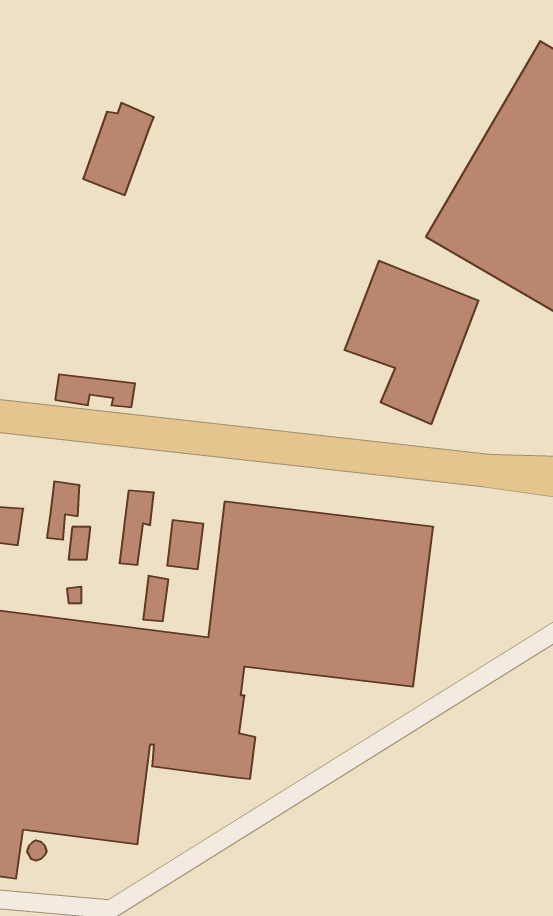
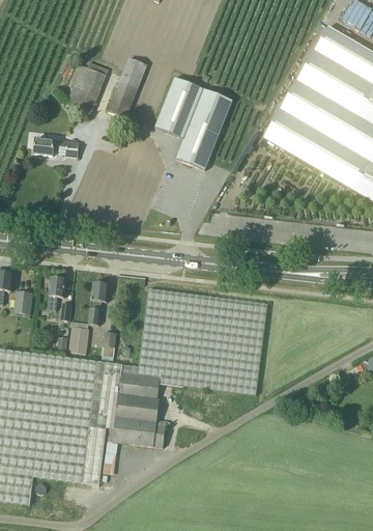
building: none -> [108,57,148,119]
building: [344,261,479,424] -> [154,77,231,170]
building: [55,374,135,407] -> [33,138,79,157]
building: [167,520,203,569] -> [68,326,89,354]

